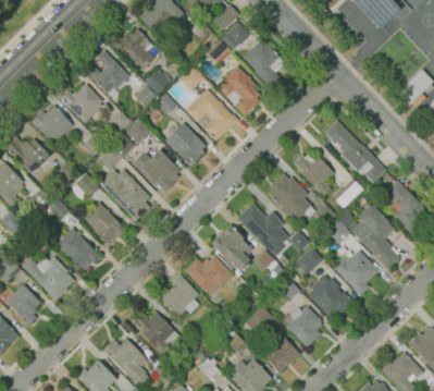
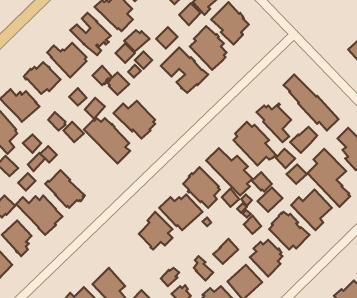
building: [164,122,207,167] -> none
building: [82,201,123,244] -> none
building: [133,311,179,355] -> none

